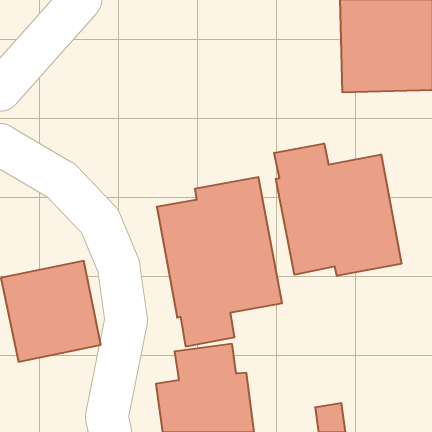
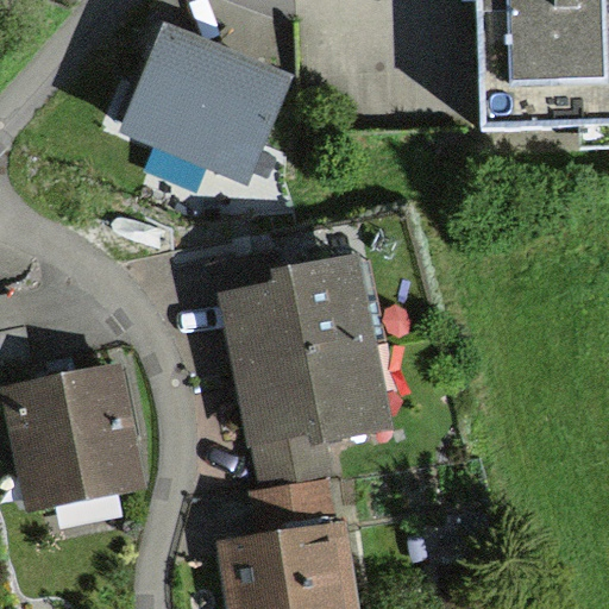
building: none -> [120,24,289,187]
building: [274,143,402,276] -> none

